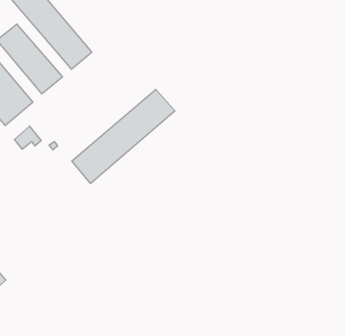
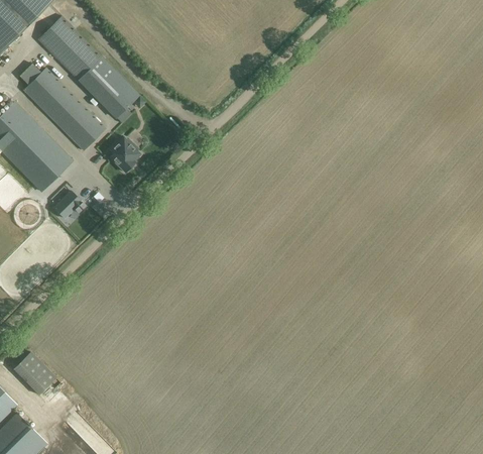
building: none -> [110,137,140,173]
building: [72,90,175,184] -> none

